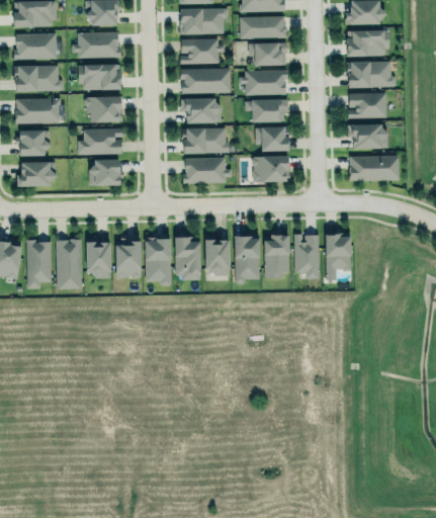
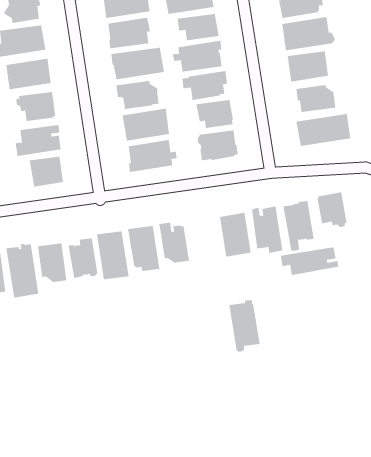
building: none -> [317,191,347,228]
building: [235,236,260,284] -> [229,299,260,352]
building: none -> [280,246,339,276]

